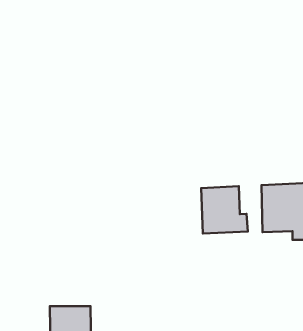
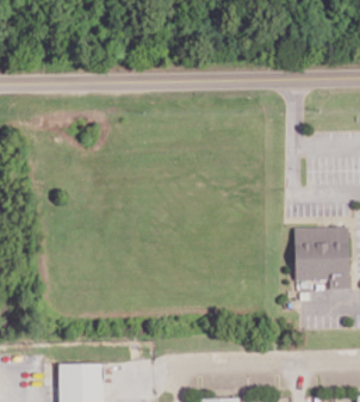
building: [201,186,248,233] -> none

